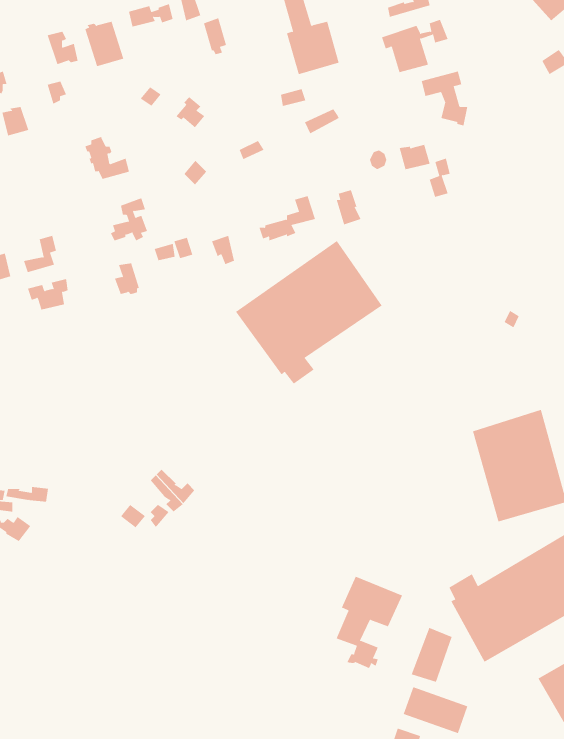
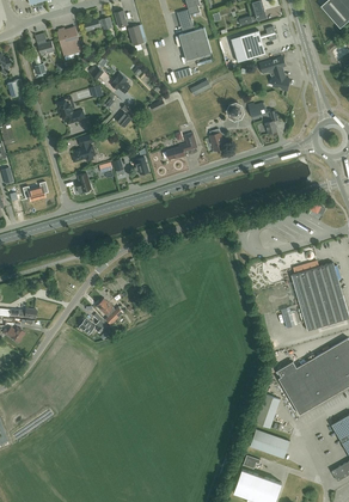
building: [235,240,383,384] -> none
building: [336,576,403,669] -> none

